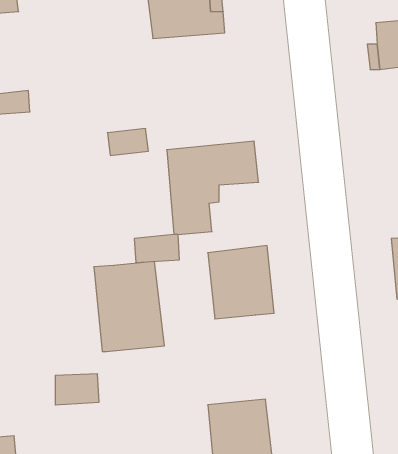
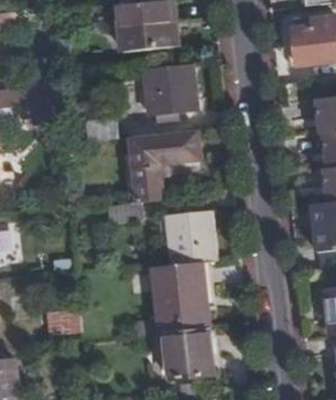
building: none -> [147,61,197,109]
building: [94,261,164,352] -> [153,263,208,334]

